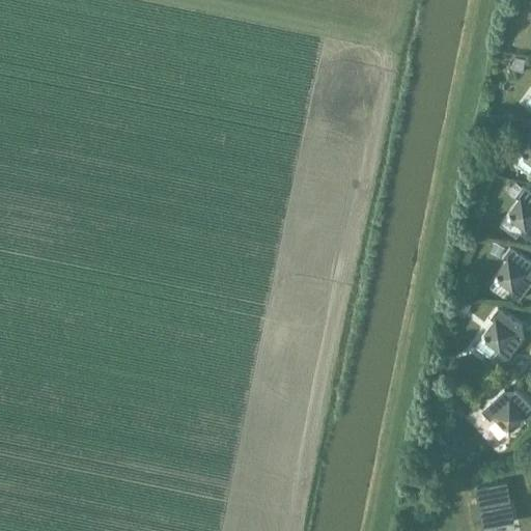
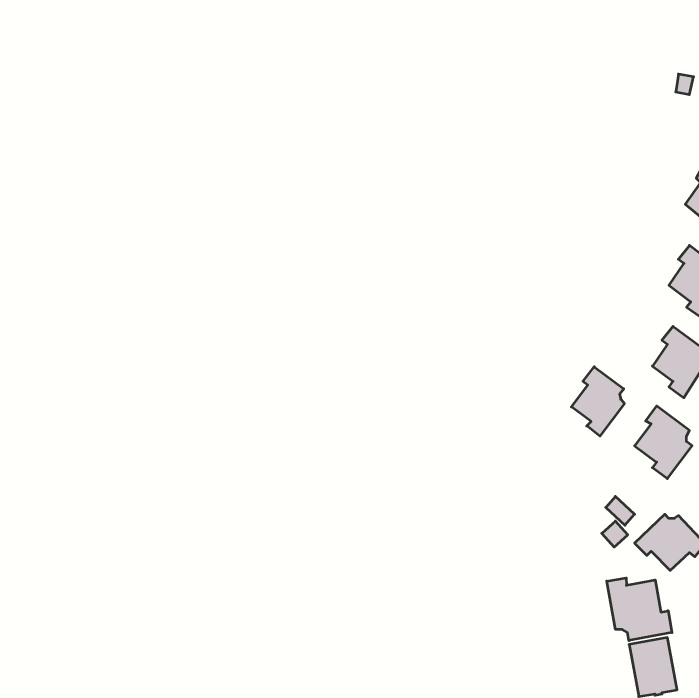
building: none -> [571,367,624,436]
building: none -> [607,578,672,641]

